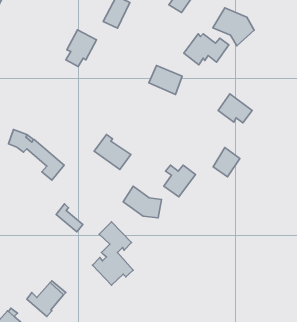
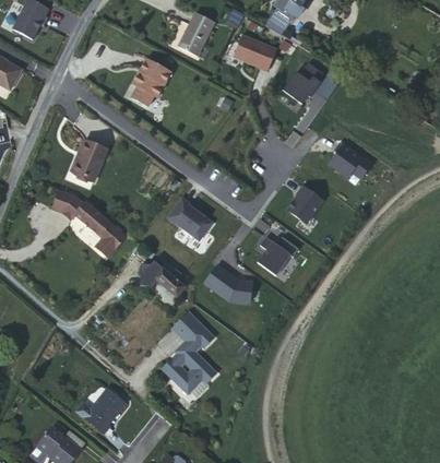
building: [213,8,254,46] -> none
building: [149,65,182,95] -> [233,34,276,72]
building: none -> [70,141,107,181]
building: [213,148,240,177] -> [287,186,322,224]
building: [56,204,83,232] -> [148,260,183,297]

